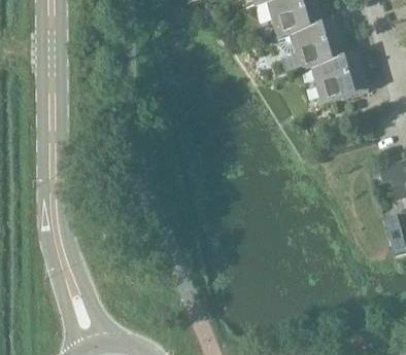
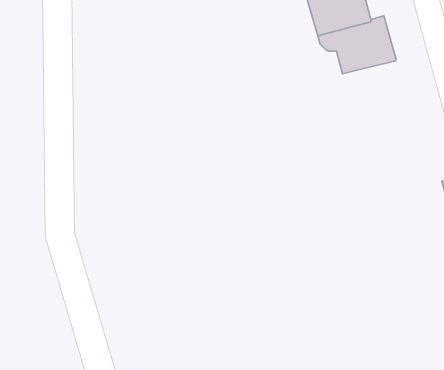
building: [311,52,368,103] -> none

